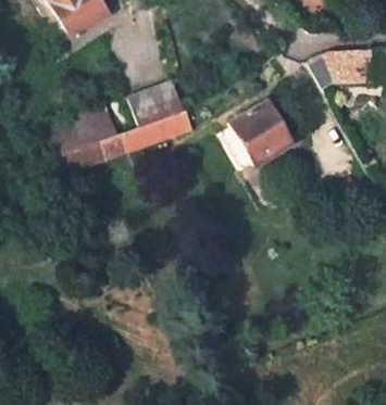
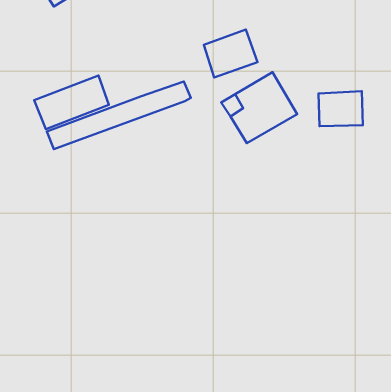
building: [331,49,372,81] -> [318,91,363,126]
building: [135,81,185,126] -> [204,30,258,77]

